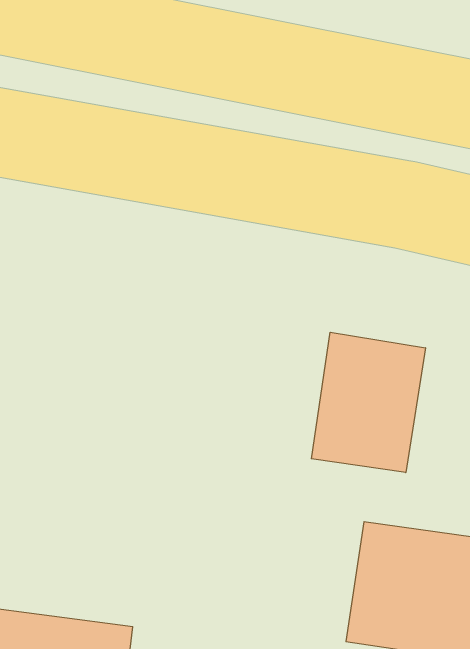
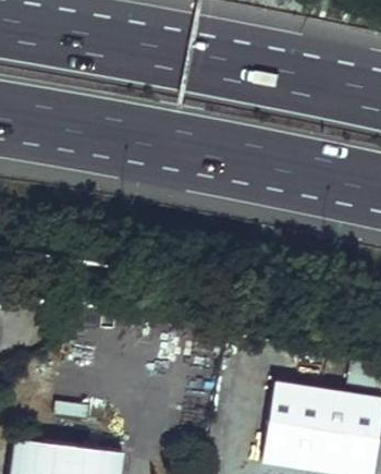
building: [311,332,425,473] -> none

